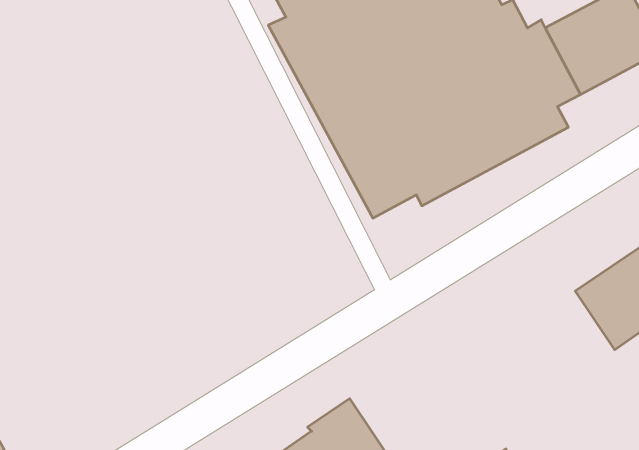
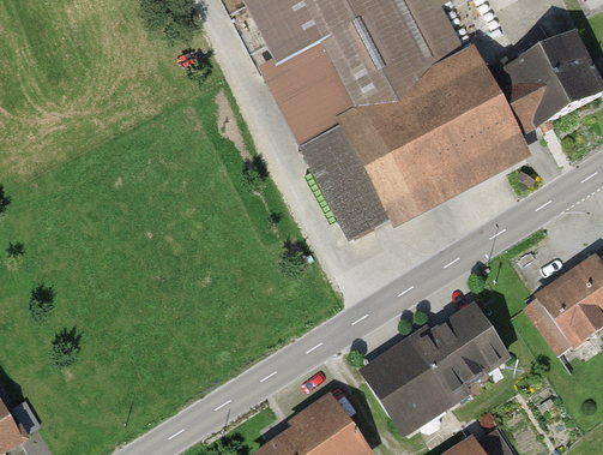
building: none -> [363,307,505,435]

